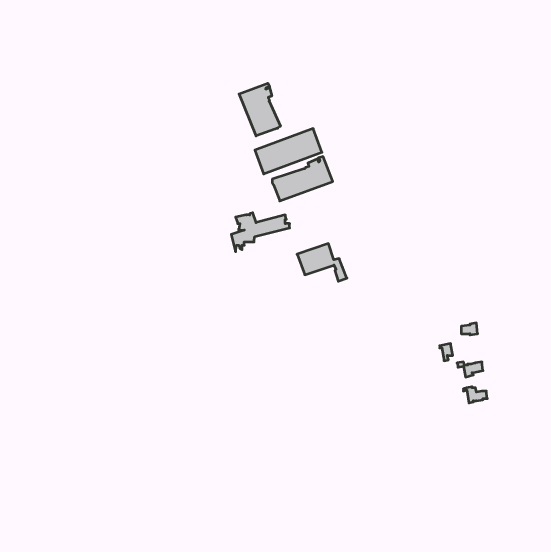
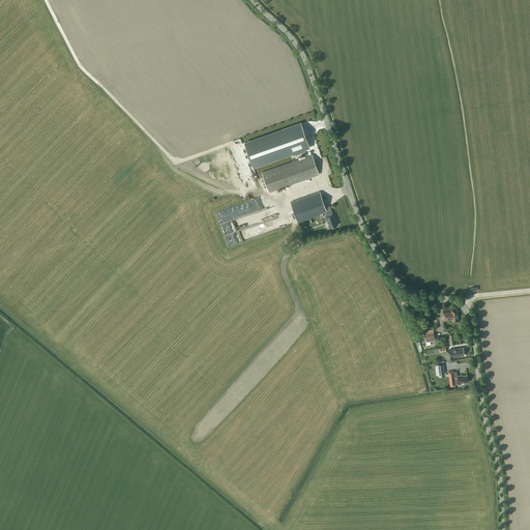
building: [239,83,280,136] -> none
building: [297,244,347,281] -> [289,192,336,228]

